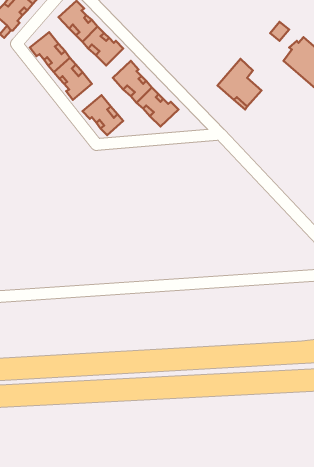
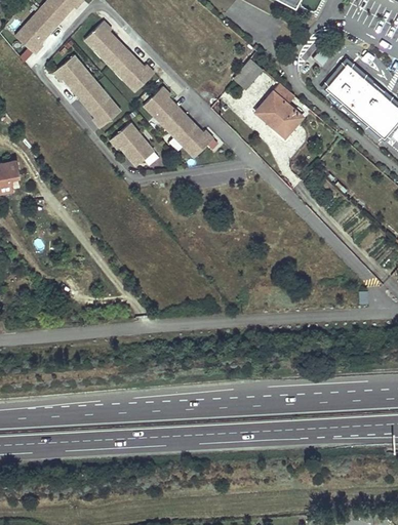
building: none -> [234,58,263,88]

